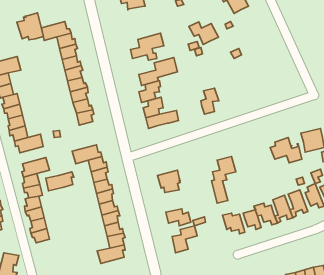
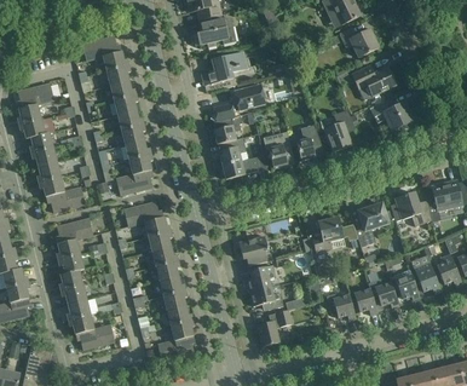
building: none -> [197,15,236,47]
building: [17,13,43,40] -> none
building: [189,22,218,44] -> [339,27,379,57]
building: none -> [352,65,397,99]
building: none -> [370,99,414,129]
building: none -> [323,109,353,151]
building: none -> [263,131,292,167]
building: none -> [353,203,396,247]
building: [46,172,74,191] -> [116,169,154,195]
building: none -> [246,264,276,292]
building: none -> [75,324,115,350]

